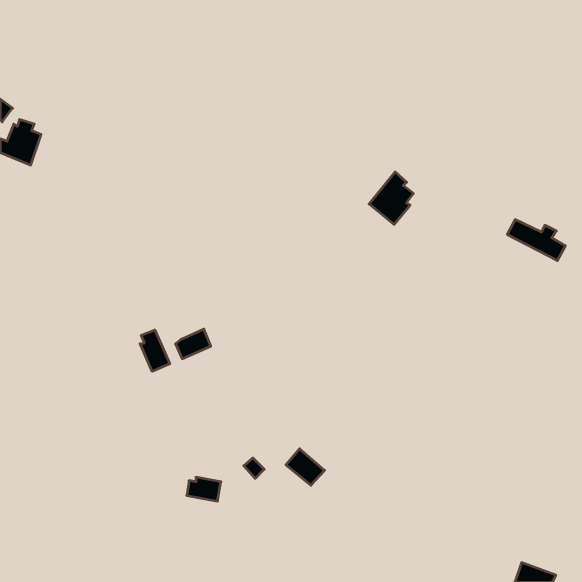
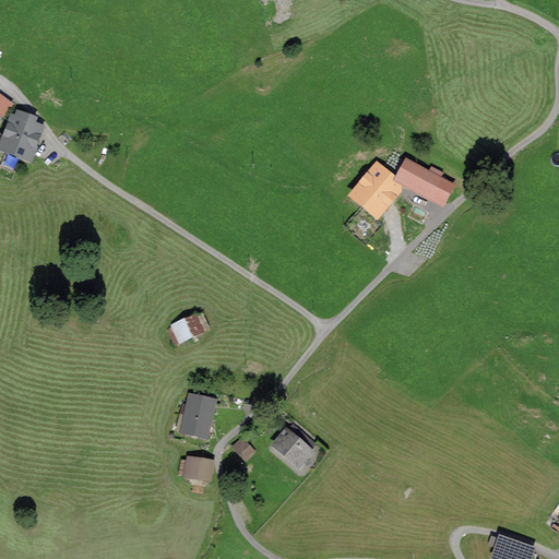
building: [507,220,565,261] -> [395,162,451,201]
building: [140,330,170,371] -> none
building: none -> [183,397,211,437]

